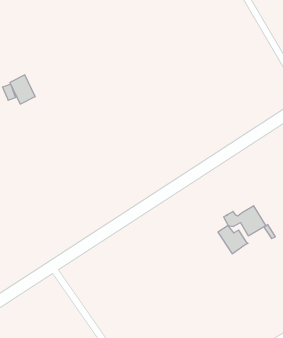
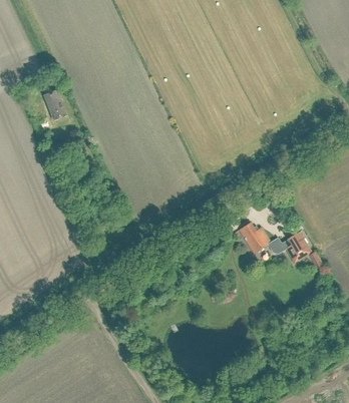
building: [218,225,248,254] -> [240,223,272,253]

